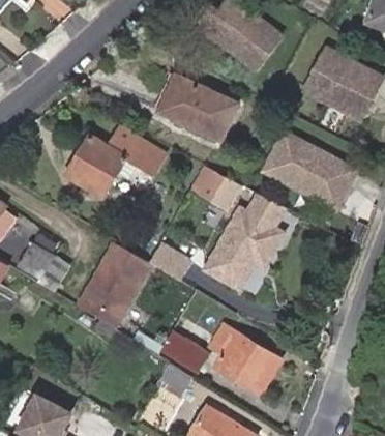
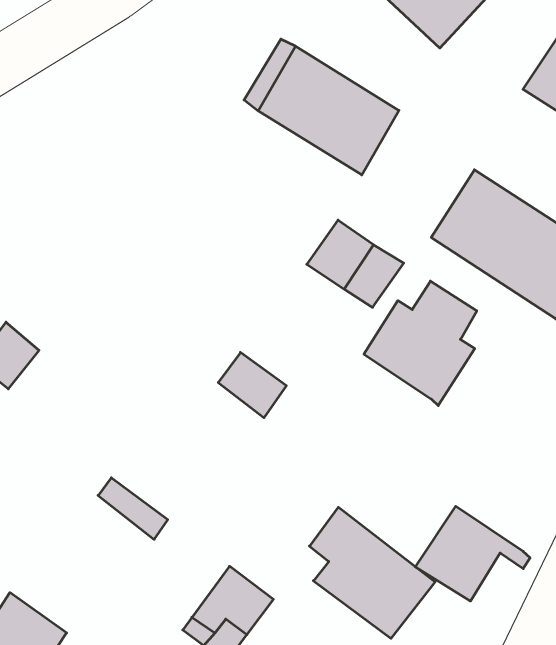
building: [66,126,162,196] -> none
building: [211,239,273,290] -> [415,506,530,601]
building: [78,246,148,326] -> none
building: [159,328,212,374] -> none

